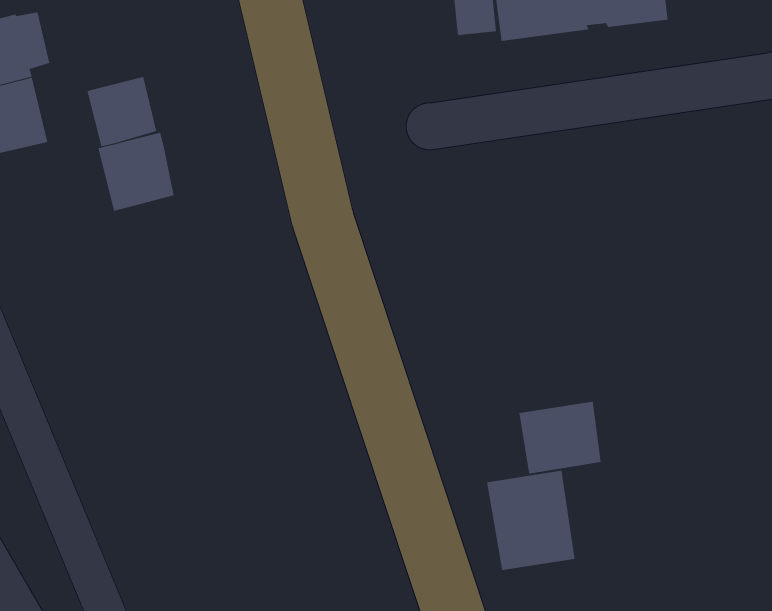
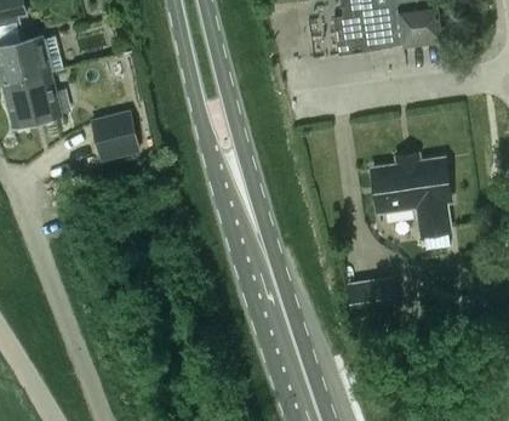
building: [87,76,157,147] -> none
building: none -> [372,158,451,235]
building: [486,470,575,571] -> none

